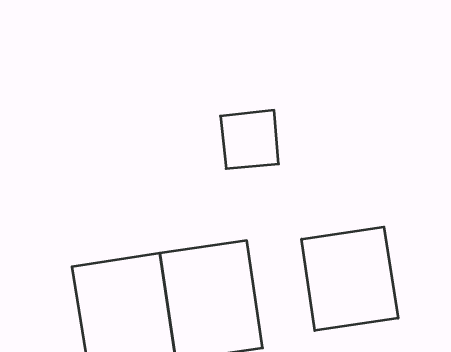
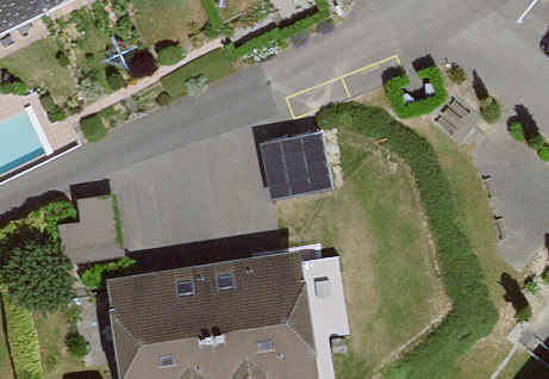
building: [302,227,398,331] -> none

